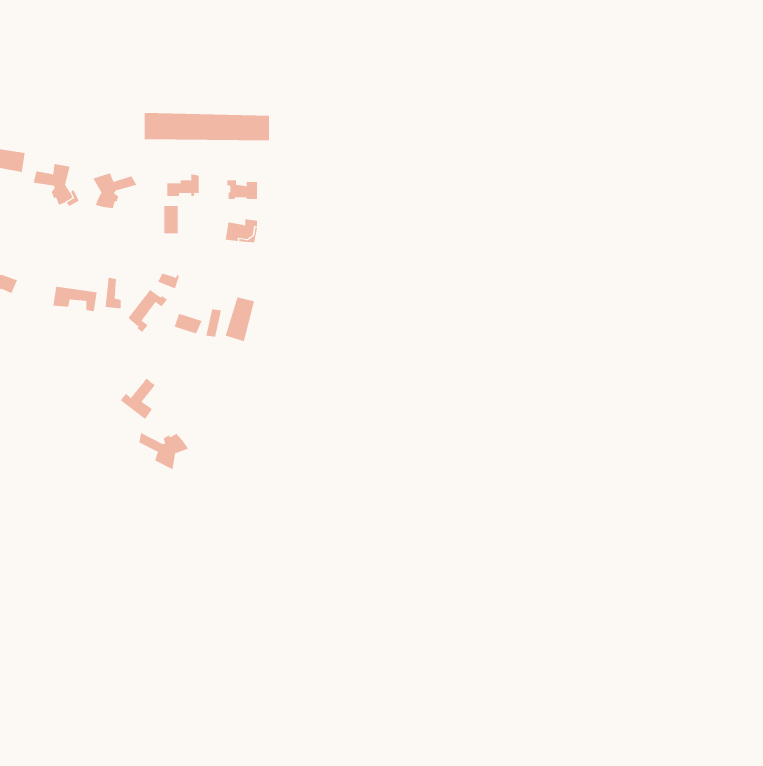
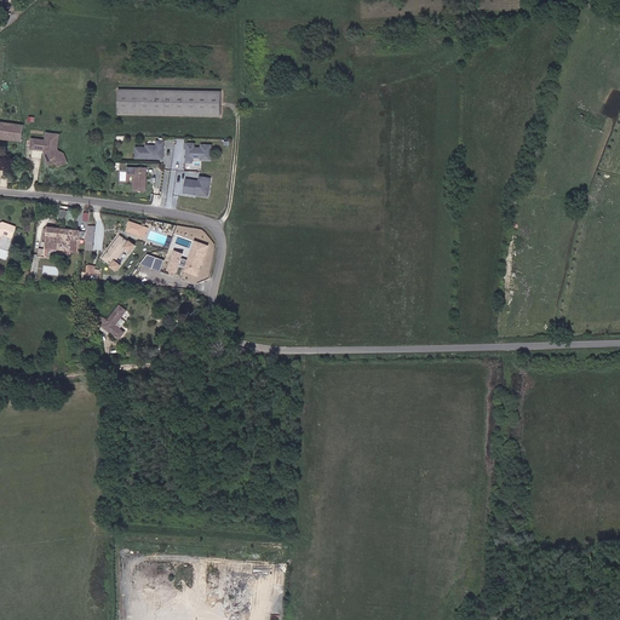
building: [92,173,137,209] -> none
building: [139,432,189,470] -> none

